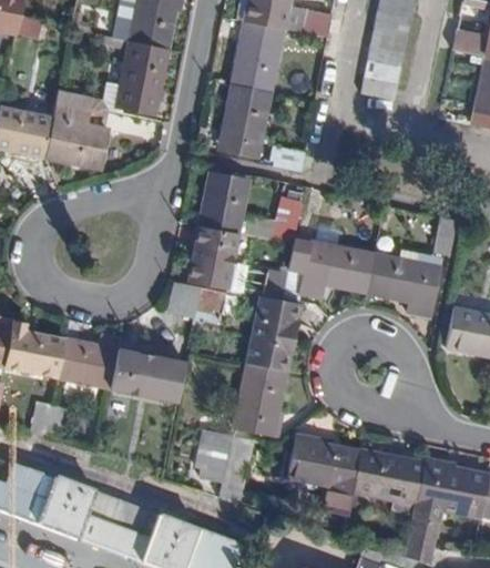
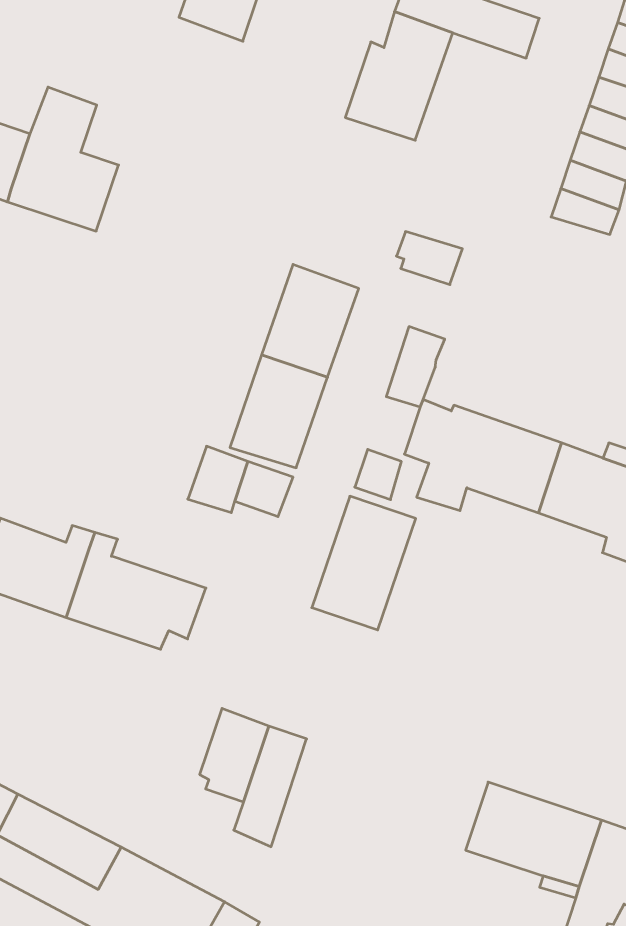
building: [120,42,166,115] -> none
building: [221,87,270,158] -> none
building: [238,365,285,436] -> none
building: [287,438,358,518] -> none

